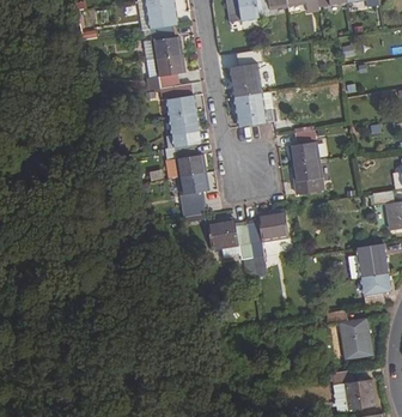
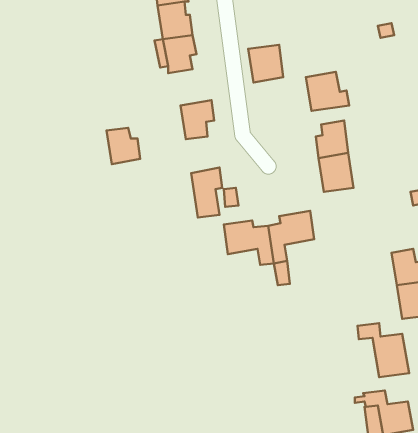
building: [159,84,197,117] -> none
building: [234,92,273,127] -> [306,72,349,111]
building: [175,145,205,177] -> [107,128,140,164]

